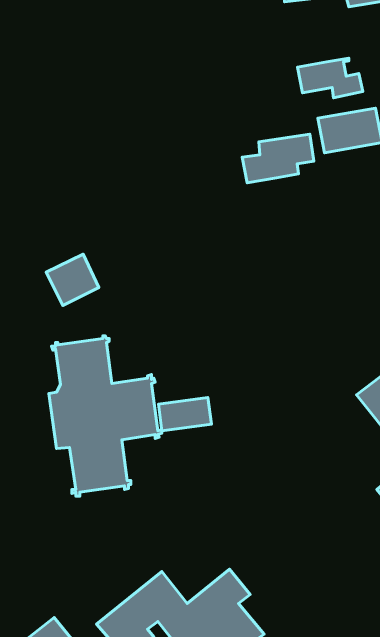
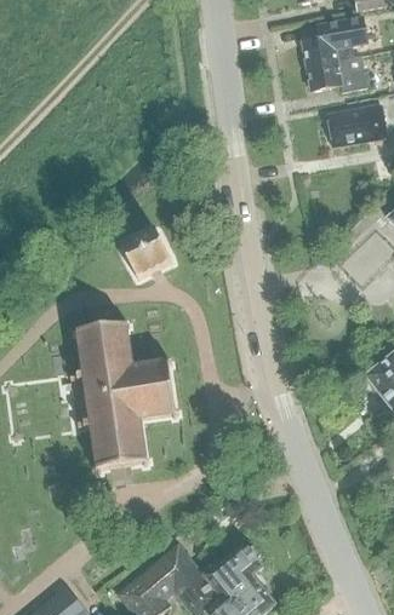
building: [242,134,314,183] -> [302,19,370,65]
building: [46,254,99,306] -> [121,228,171,276]
building: [158,397,211,431] -> none

